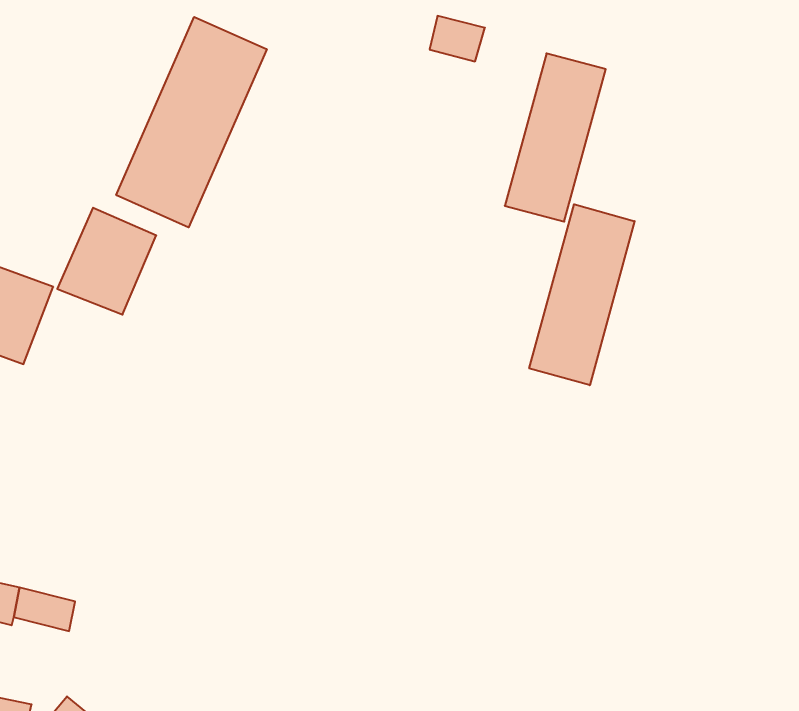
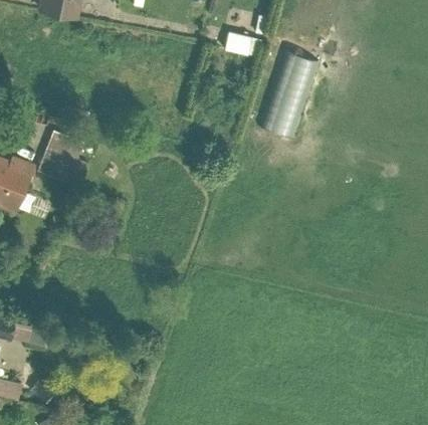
building: [116,17,267,227] -> none
building: [529,204,635,385] -> none

